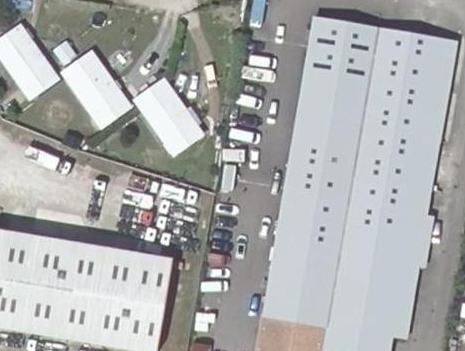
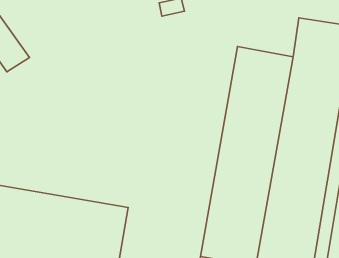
building: [304,22,377,78] -> none
building: [68,57,126,124] -> none
building: [139,83,202,152] -> none

